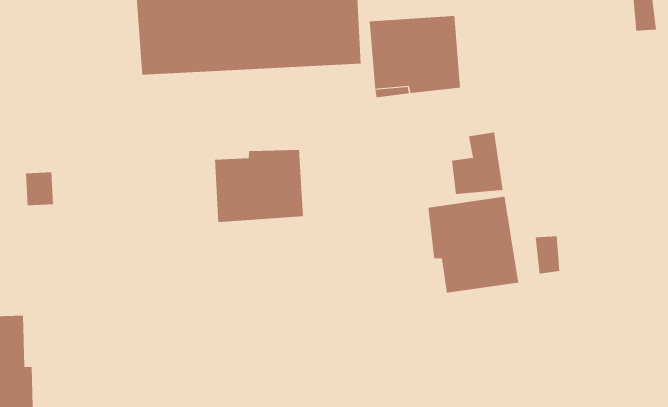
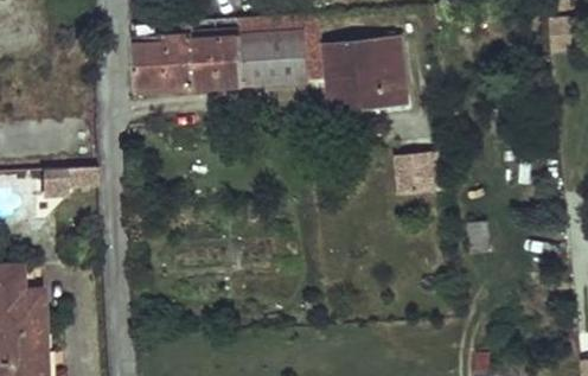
building: [215,149,303,223] -> none
building: [428,196,519,294] -> none

